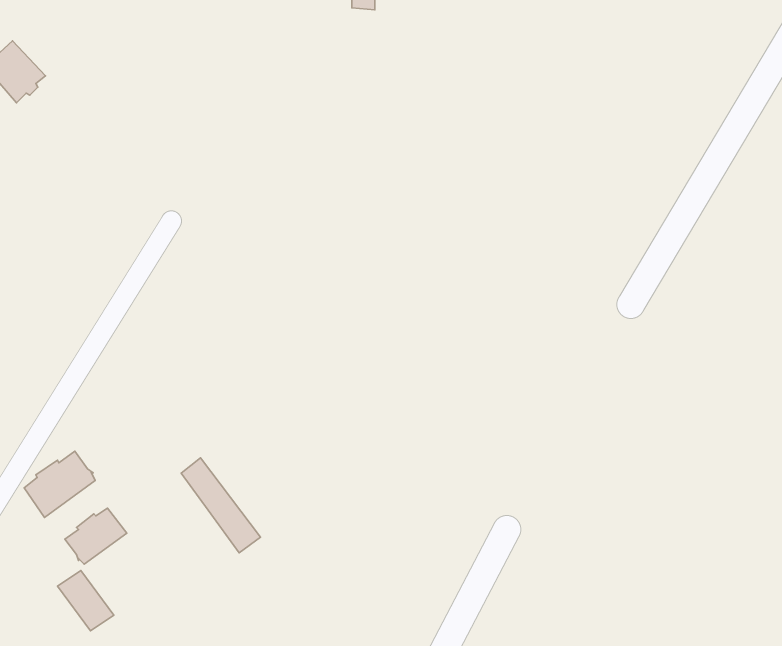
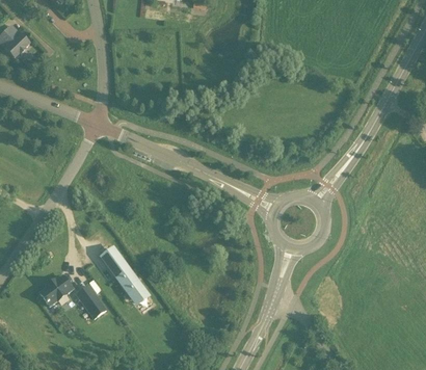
building: [24,451,95,518] -> none
building: [57,571,114,631] -> [76,285,106,317]

